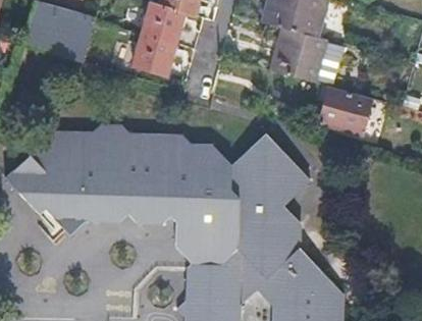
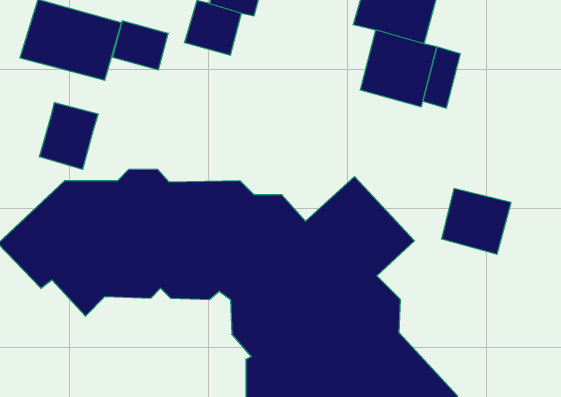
building: [135,35,175,70] -> [112,21,168,70]
building: none -> [39,102,98,169]
building: [320,86,371,133] -> [441,189,511,254]

